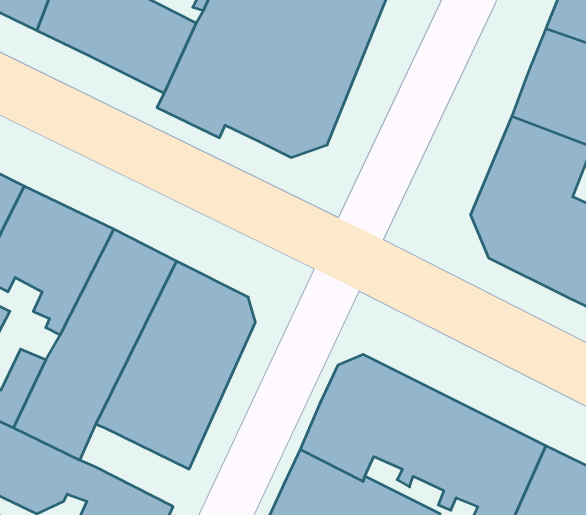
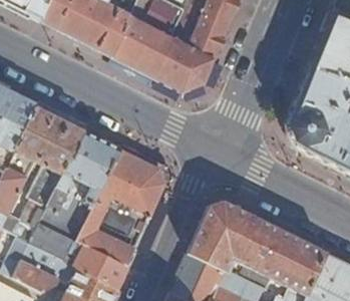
building: none -> [75,243,127,287]

